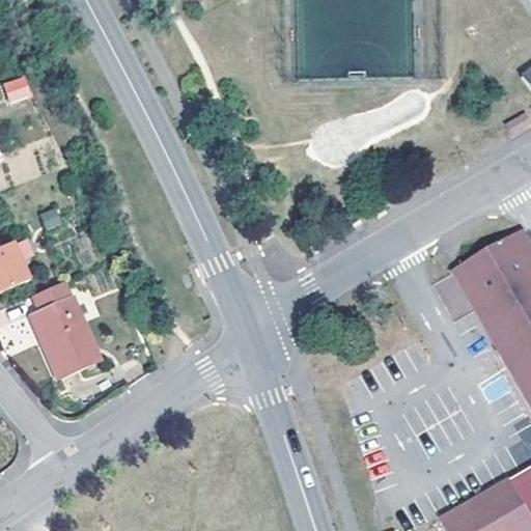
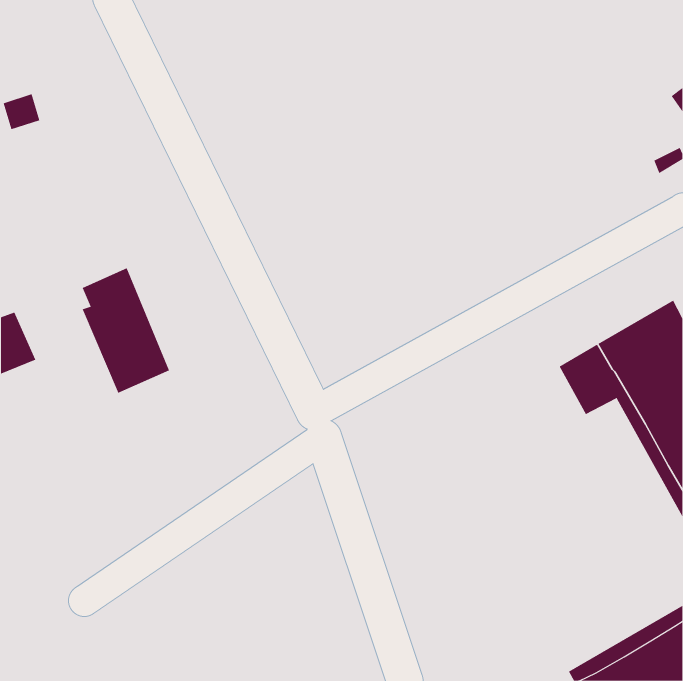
building: [30,280,99,378] -> [82,268,170,393]

